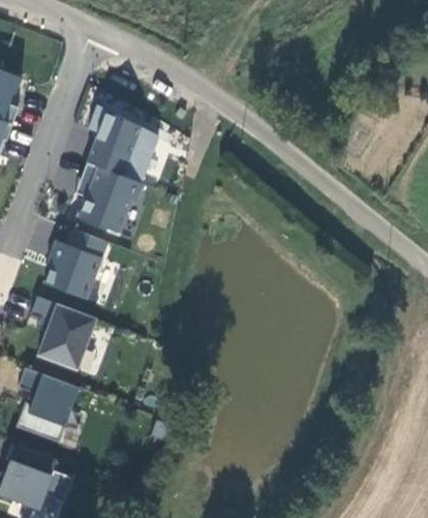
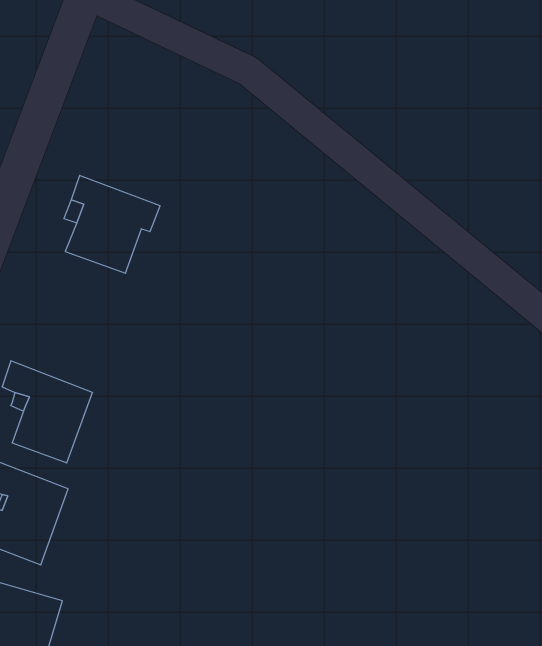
building: [87,105,159,183] -> none
building: [44,228,106,299] -> none

